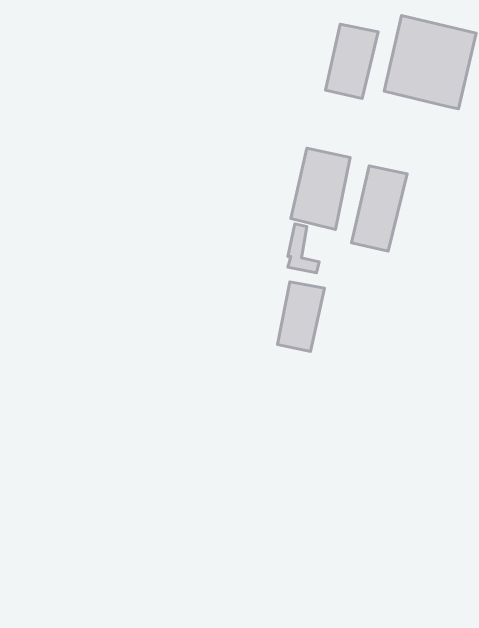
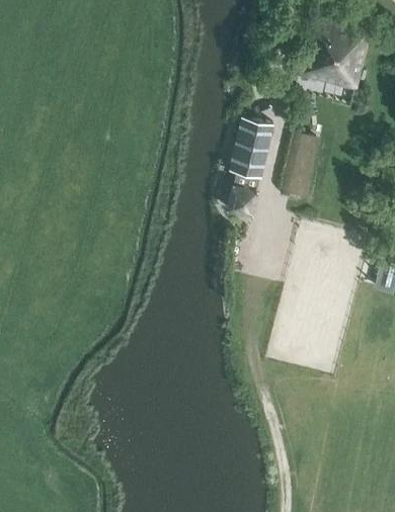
building: [325,24,378,99] -> none
building: [277,282,324,351] -> none

